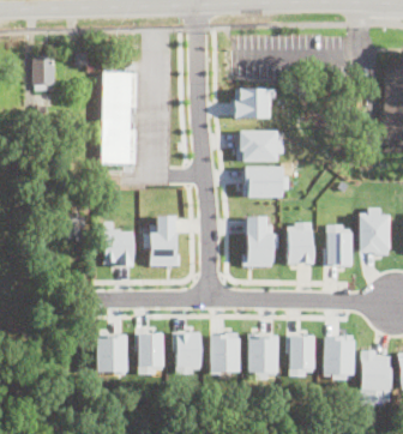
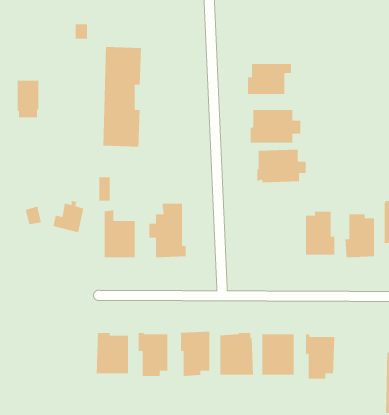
building: [36,58,56,92] -> [17,80,39,118]
building: [243,217,279,266] -> none
building: [324,336,355,380] -> none

